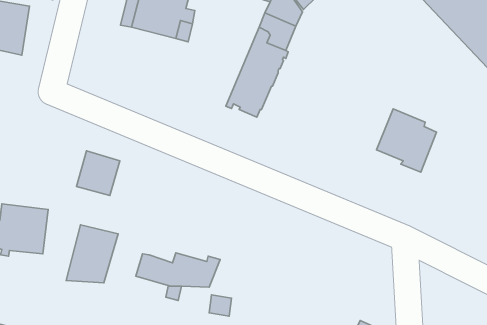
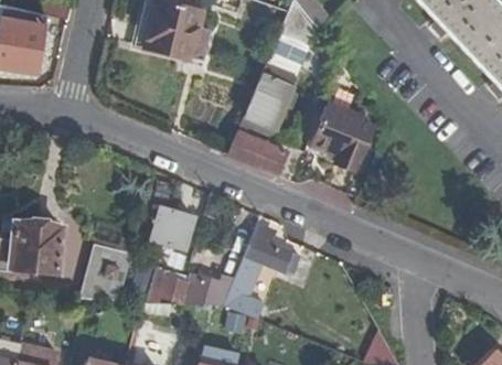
building: none -> [227,125,288,175]
building: [376,109,436,172] -> [311,103,371,165]
building: [76,151,120,195] -> [150,205,193,249]
building: none -> [224,221,299,318]

